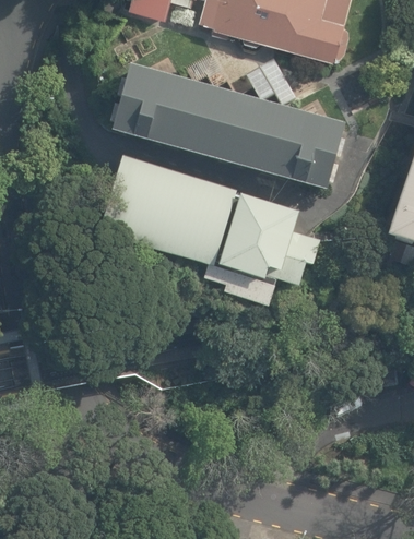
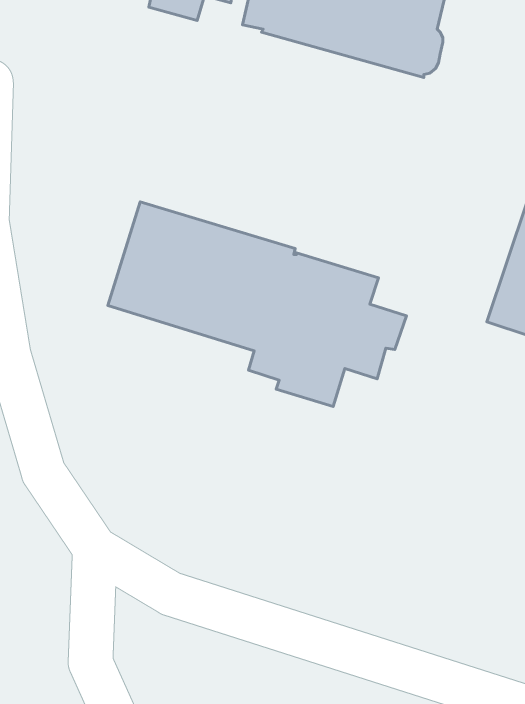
building: [108,62,343,188] -> none

